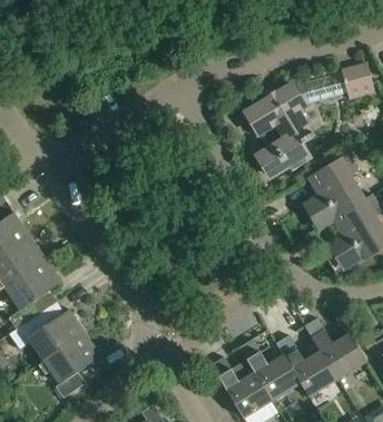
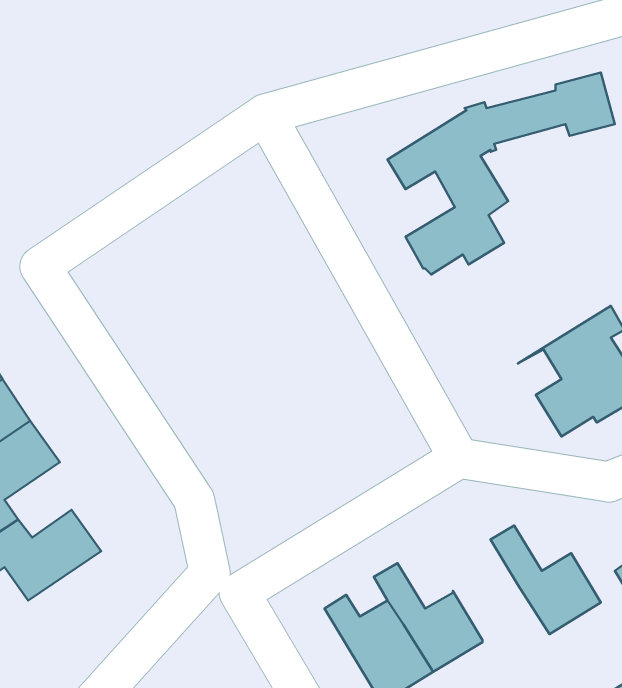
building: [305,154,372,226] -> none
building: [43,332,100,398] -> none
building: [275,335,337,396] -> none

